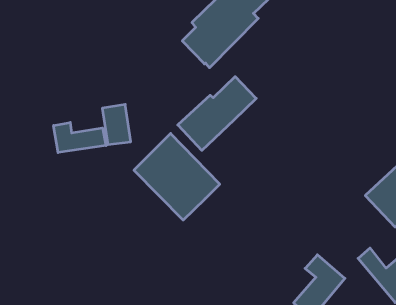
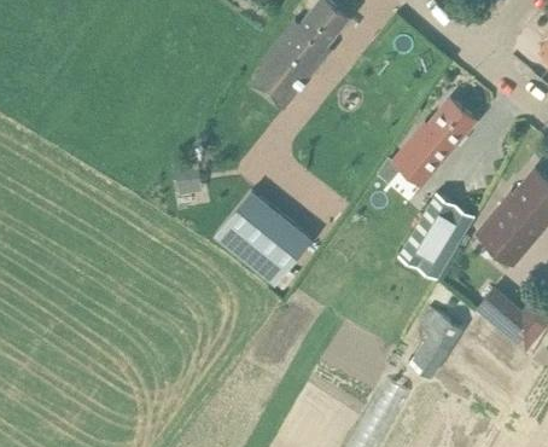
building: [178,77,256,150] -> [392,98,477,185]
building: [54,122,106,153] -> none
building: none -> [400,193,474,279]

